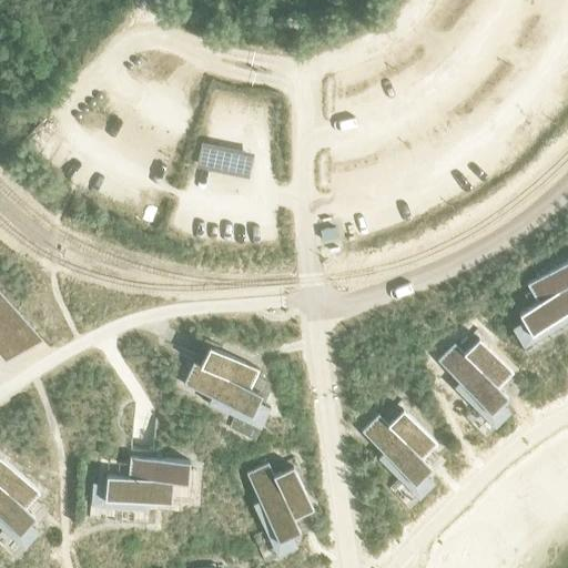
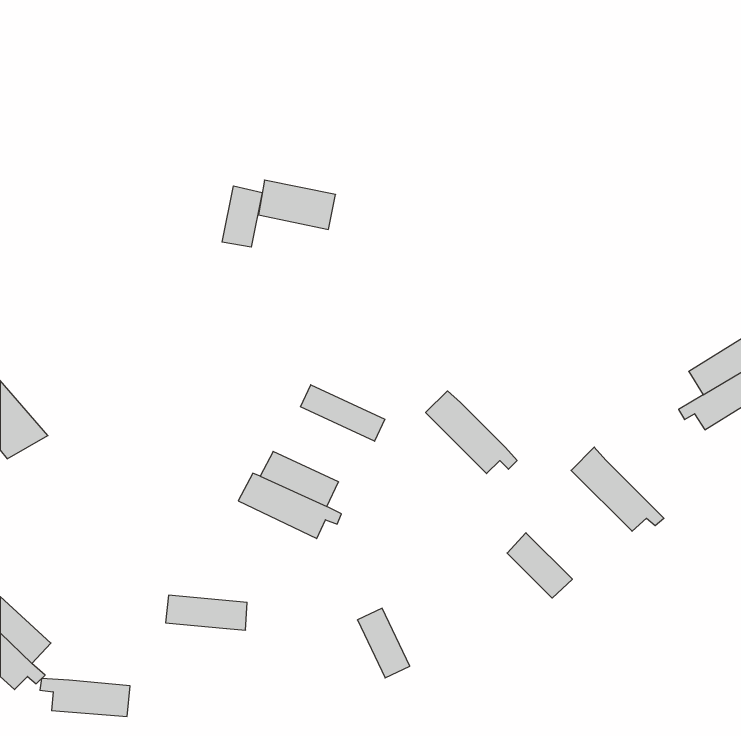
building: none -> [222,186,262,247]
building: none -> [301,385,385,441]
building: [464,342,514,390] -> none
building: [362,418,432,481] -> [426,391,517,474]
building: [251,466,301,539] -> none
building: [105,479,174,508] -> [40,679,130,716]

